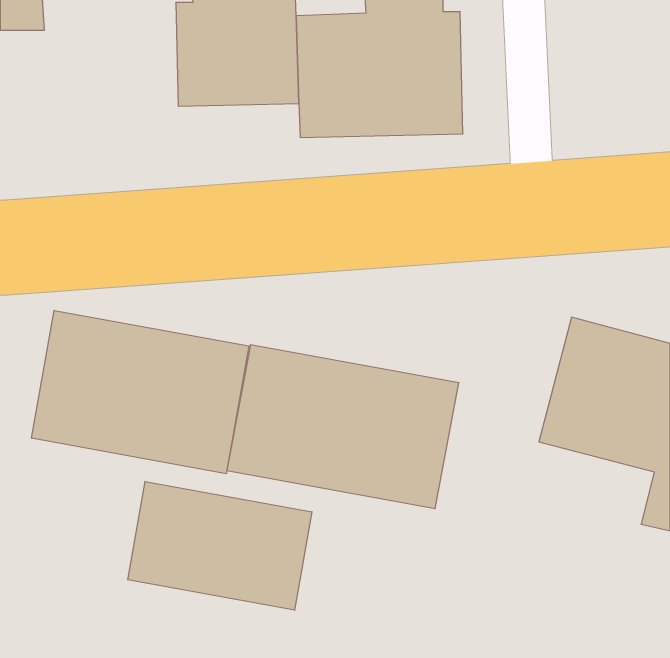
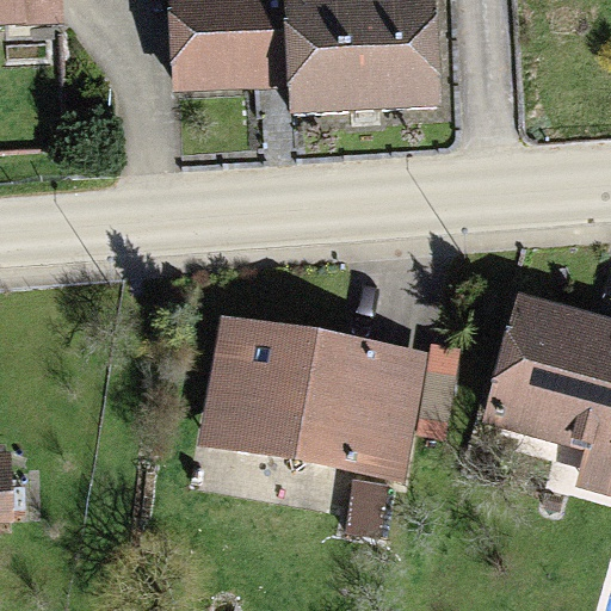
building: [32,310,249,474] -> none
building: [128,481,312,610] -> none

